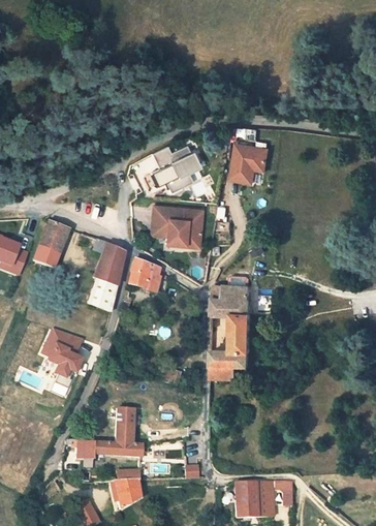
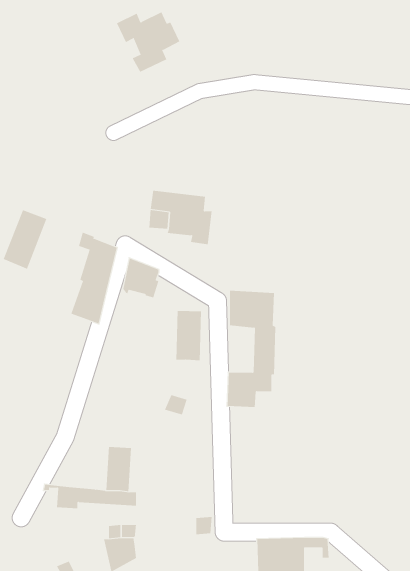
building: [152,144,202,192] -> [116,11,180,73]
building: [228,146,269,188] -> none
building: none -> [176,310,201,361]
building: [37,326,81,377] -> none

